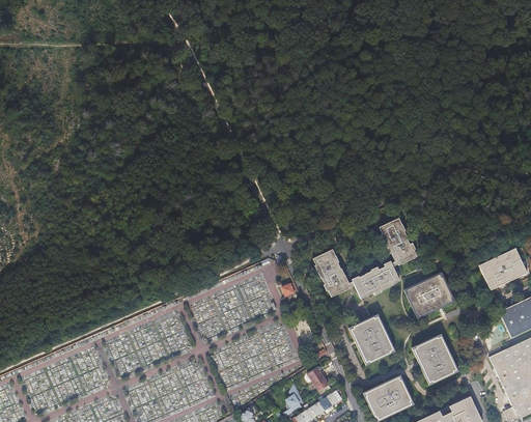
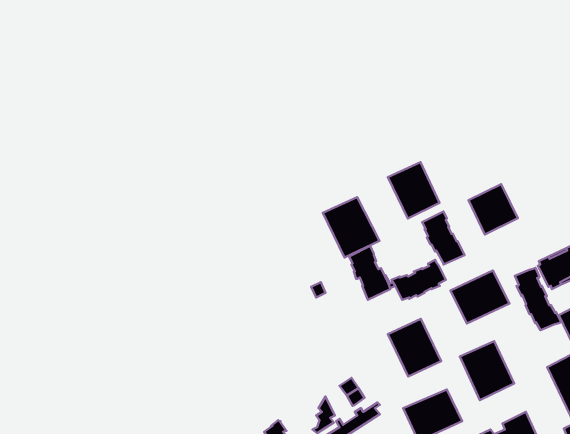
building: none -> [388,162,440,219]
building: none -> [468,184,518,234]
building: none -> [323,197,379,258]
building: none -> [515,268,561,330]

